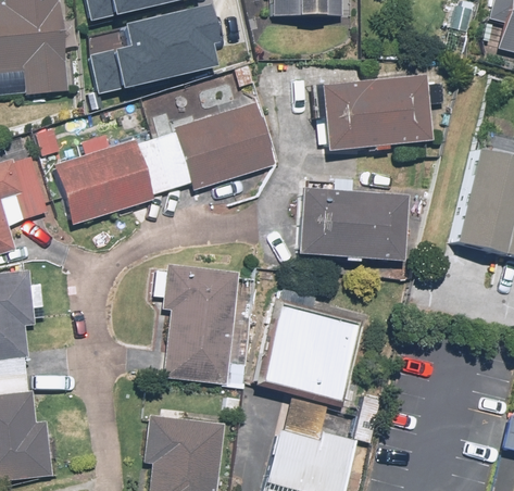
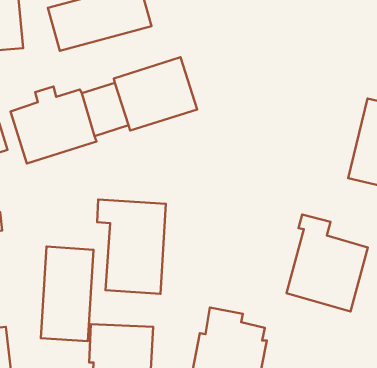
building: [319,74,431,151] -> none
building: [293,185,409,259] -> none
building: [262,288,359,403] -> [287,214,368,312]
building: none -> [41,247,93,341]

